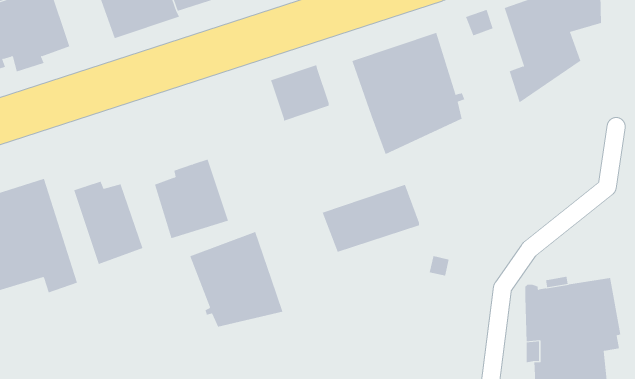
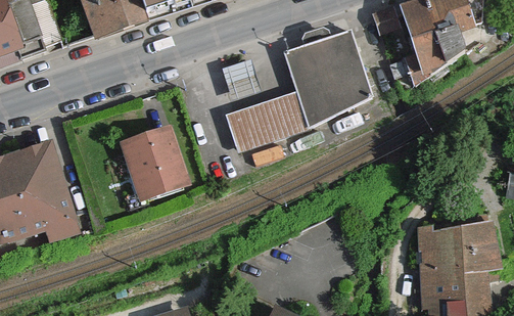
building: [73,181,143,265] -> none
building: [322,184,420,253] -> [230,93,308,147]
building: [190,231,283,327] -> none

